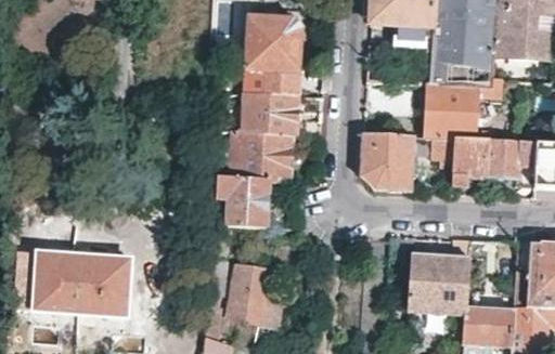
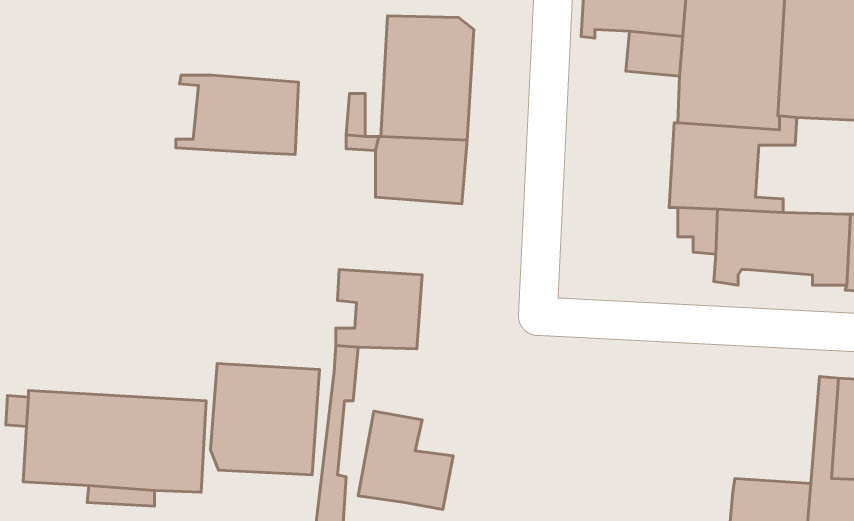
building: [218,128,295,178] -> [176,75,299,155]
building: [361,131,414,189] -> none
building: none -> [210,363,319,475]
building: [408,236,472,313] -> none

